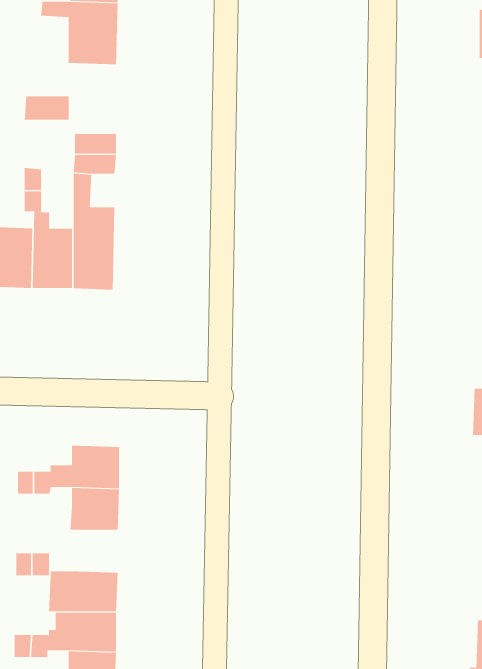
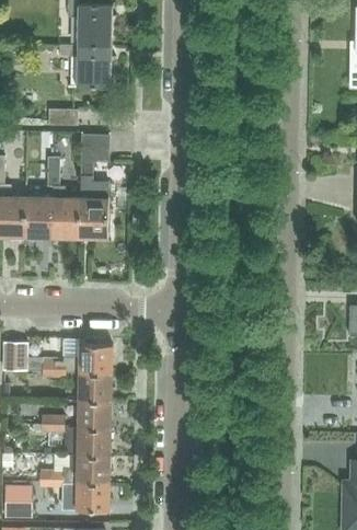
building: none -> [78,401,111,429]

